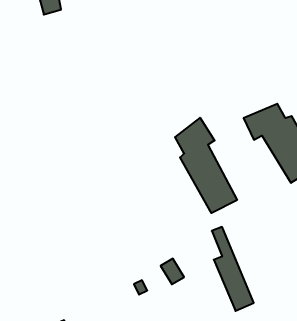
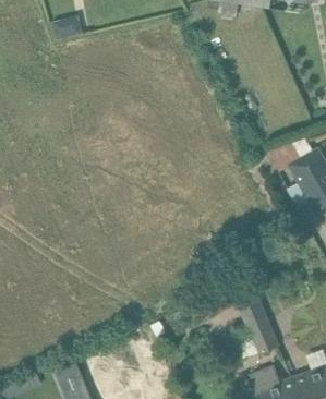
building: [175,118,237,213] -> none

